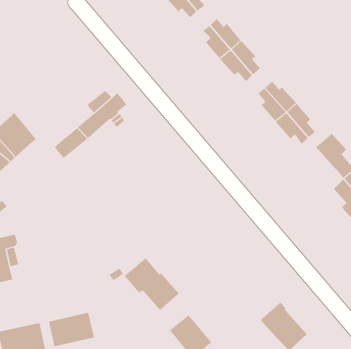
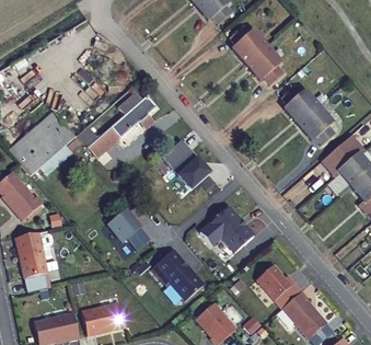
building: none -> [164,146,213,196]
building: none -> [320,147,360,186]
building: none -> [108,209,151,250]
building: none -> [205,209,258,255]
building: none -> [255,267,293,302]

